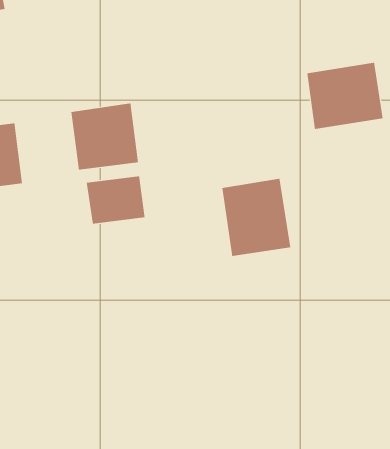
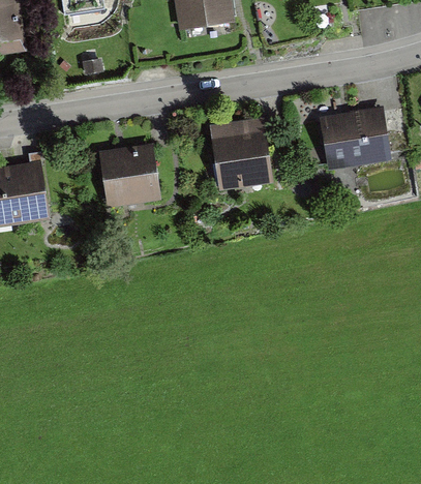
building: [86,175,145,224] -> none
building: [222,178,291,256] -> [211,116,276,189]

